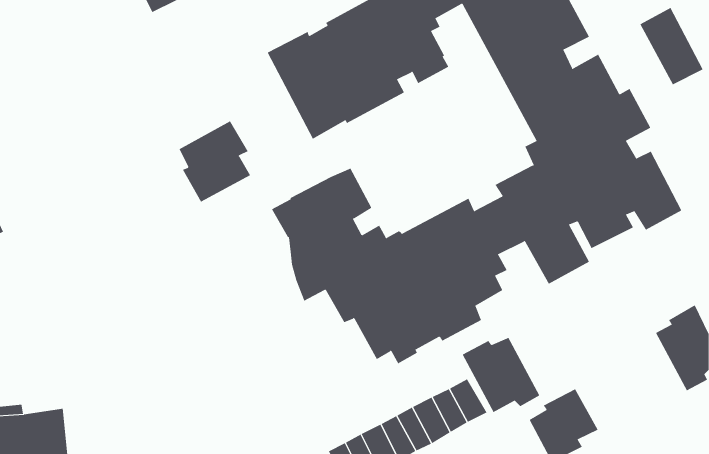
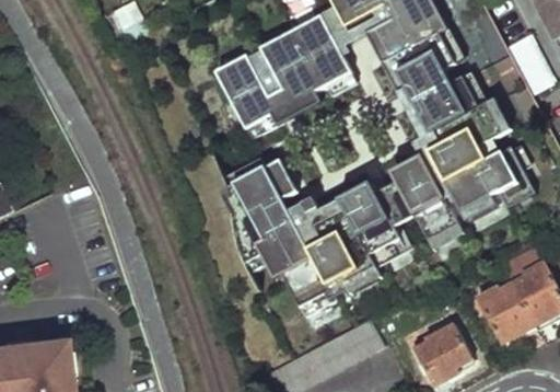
building: [179,121,251,202] -> none
building: [462,337,540,413] -> [478,285,538,343]

